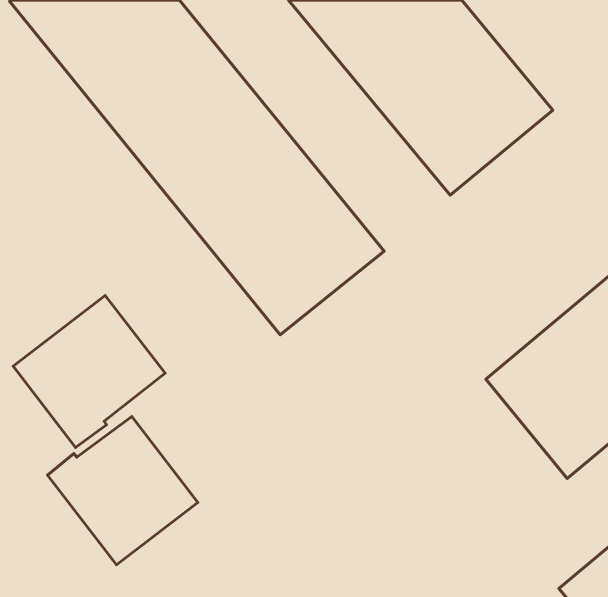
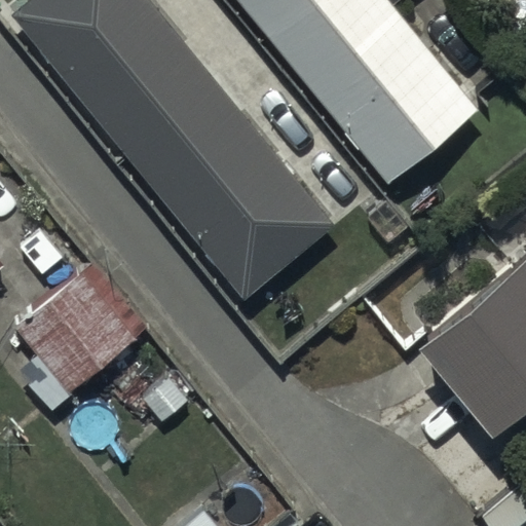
building: [47,416,198,565] -> none

